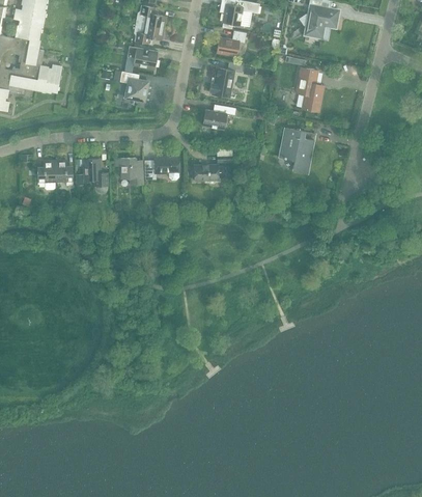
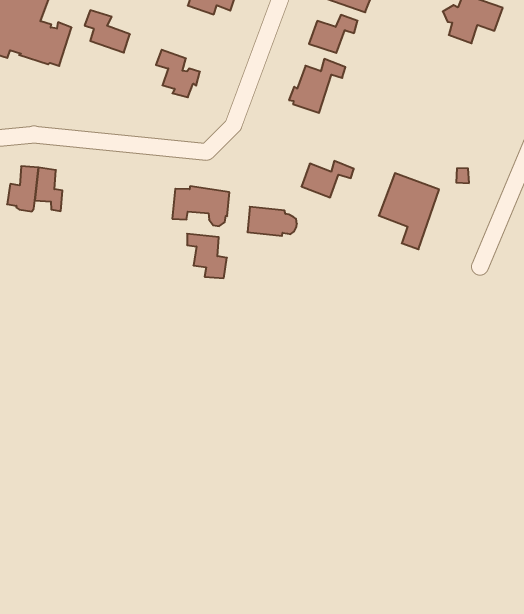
building: [126,45,157,68] -> [85,10,130,53]
building: [294,66,322,110] -> none
building: [202,104,234,128] -> [301,161,354,197]
building: [114,157,142,184] -> [187,234,227,278]
building: [83,158,108,192] -> none

